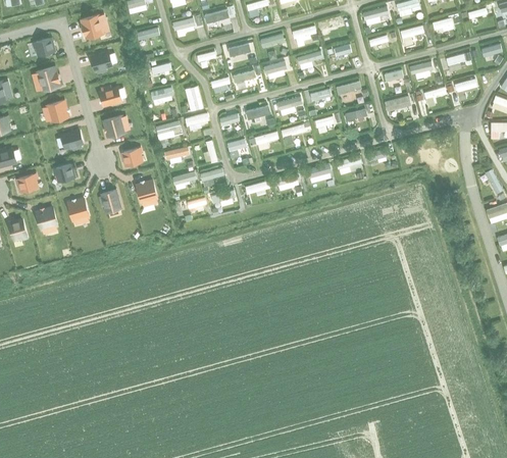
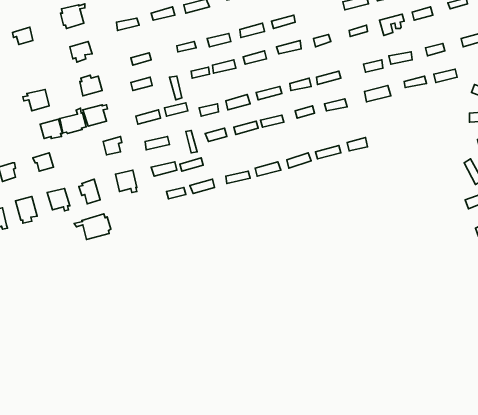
building: [33,67,60,91] -> none
building: none -> [60,108,86,133]
building: none -> [74,214,111,240]

